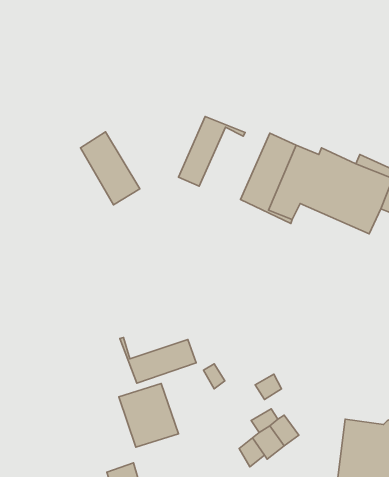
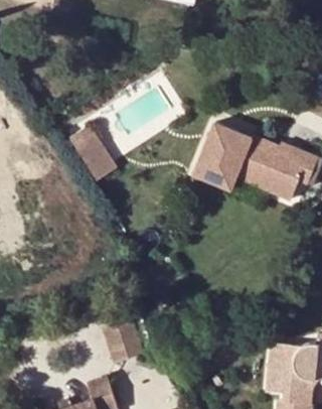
building: [178,117,245,186] -> none
building: [120,338,196,383] -> none

